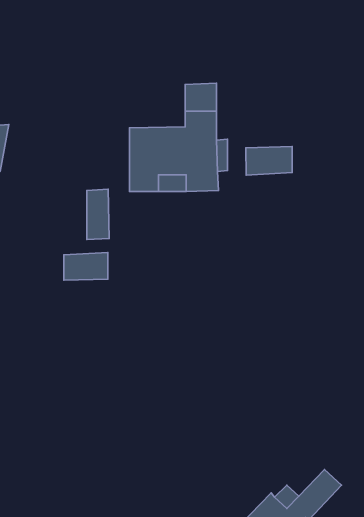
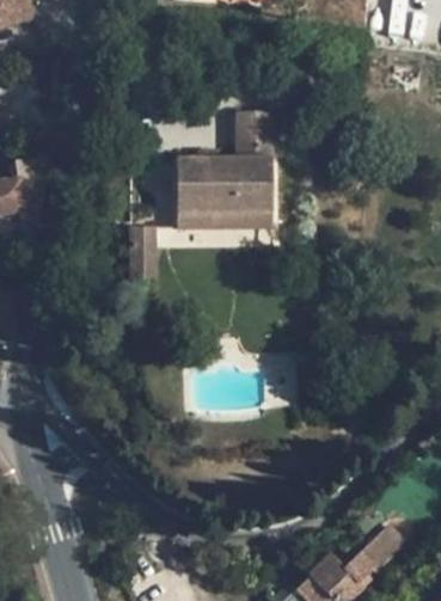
building: [246,147,292,175] -> none
building: [64,252,108,280] -> none

